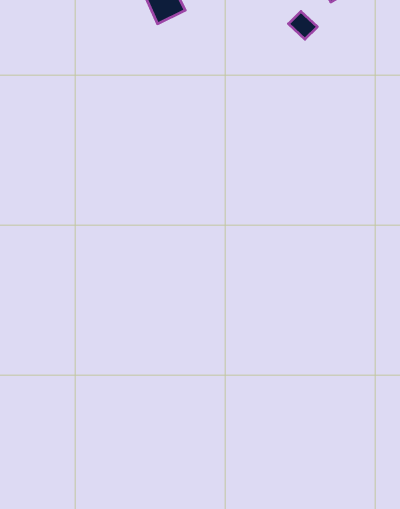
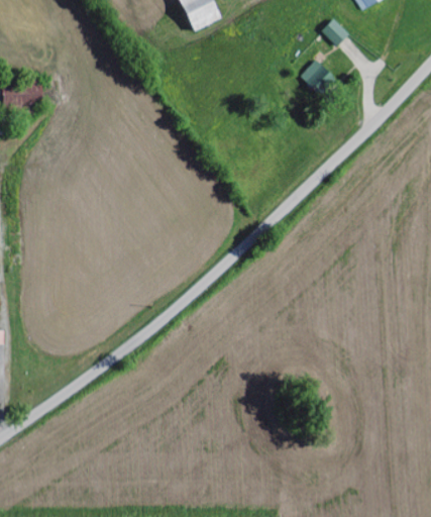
building: none -> [301,59,329,88]

